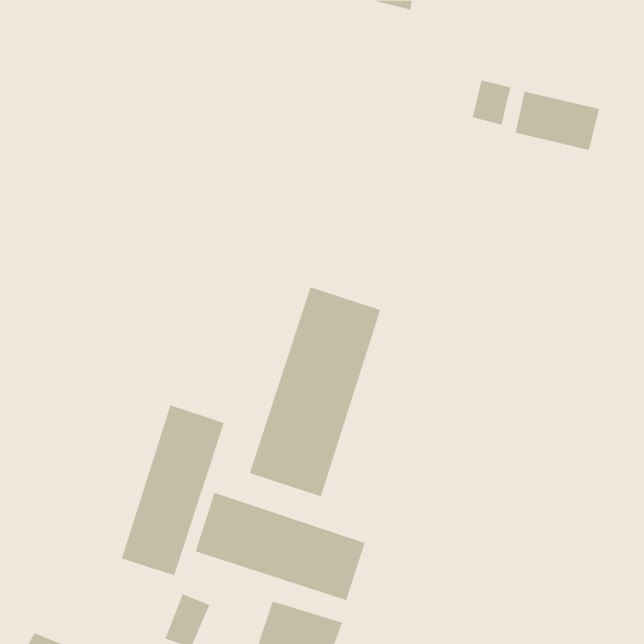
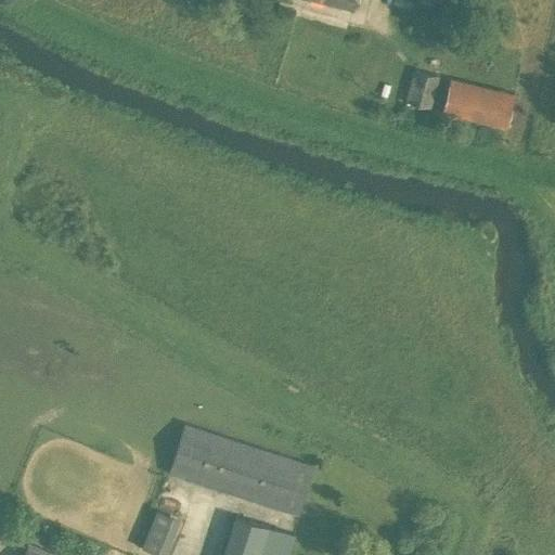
building: [249,287,381,497] -> none
building: [121,404,225,576] -> none

